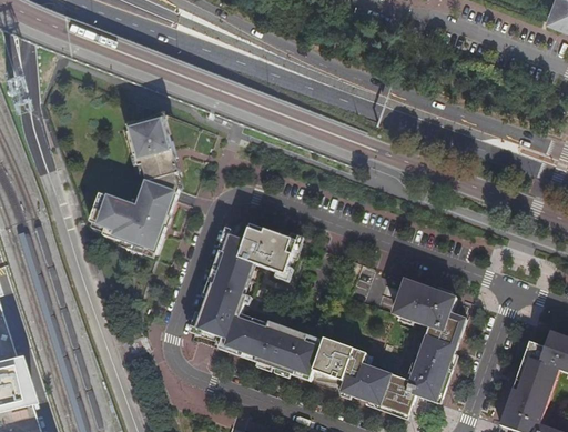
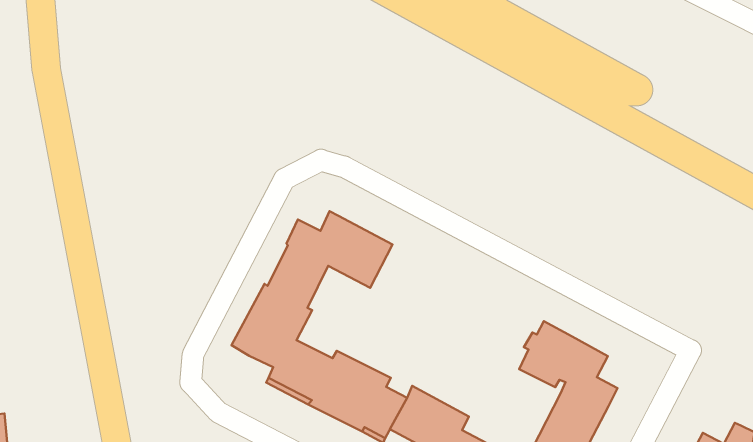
building: [89,119,178,254] -> none

